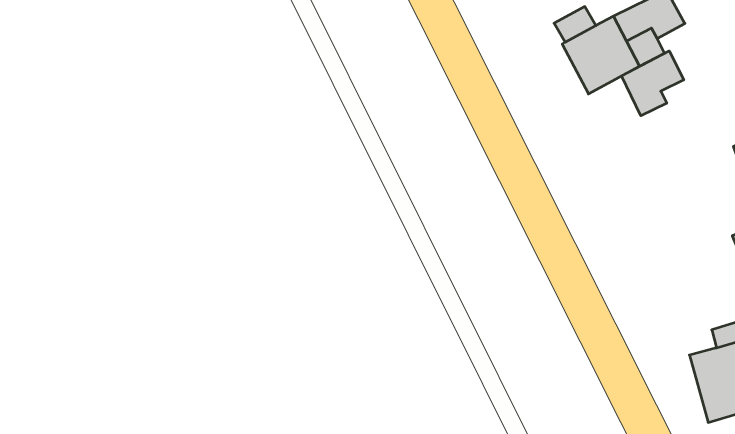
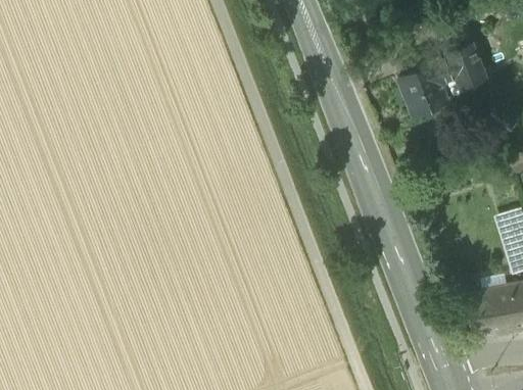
building: [622,51,684,116] -> none

